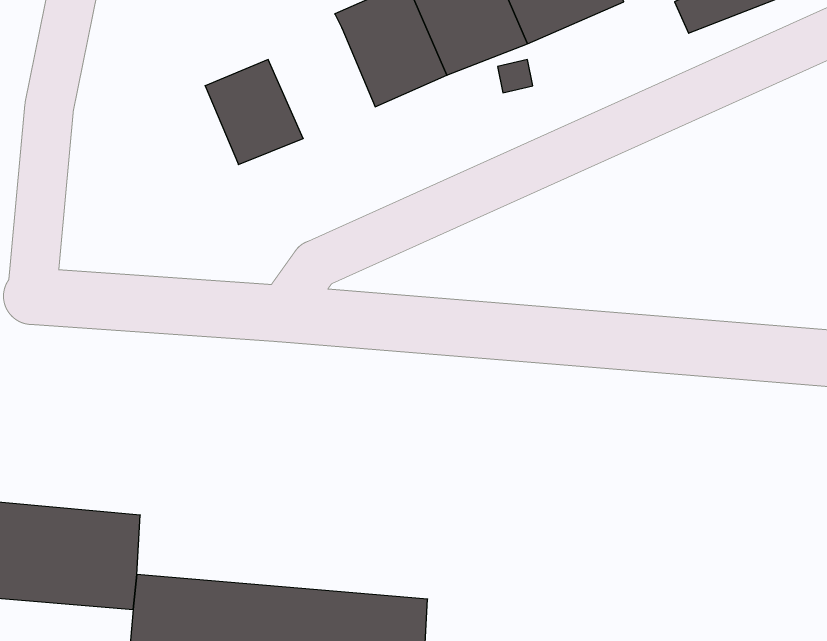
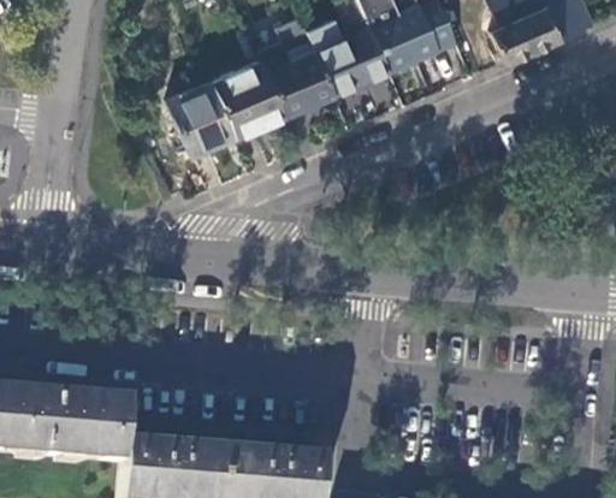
building: none -> [220,58,294,134]

